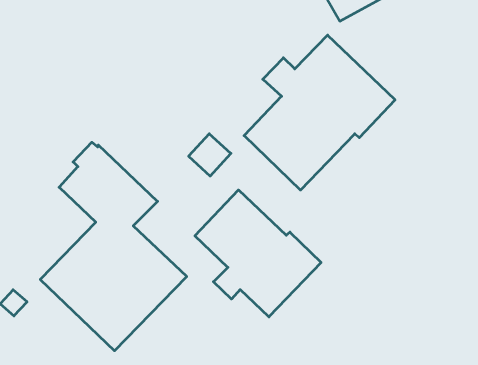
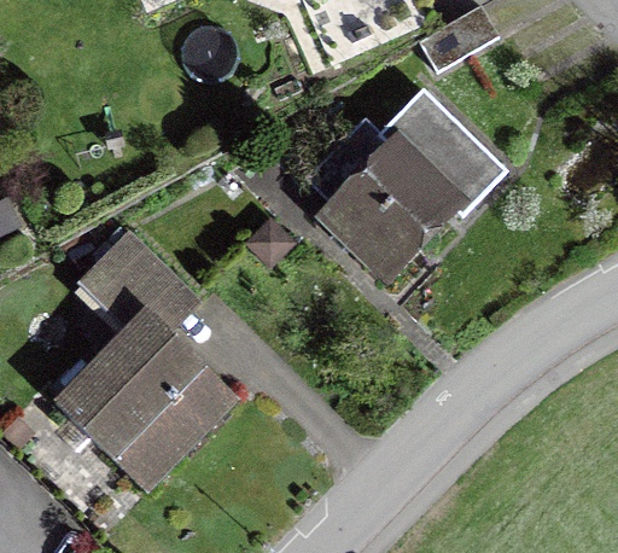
building: [195,190,321,317] -> none

